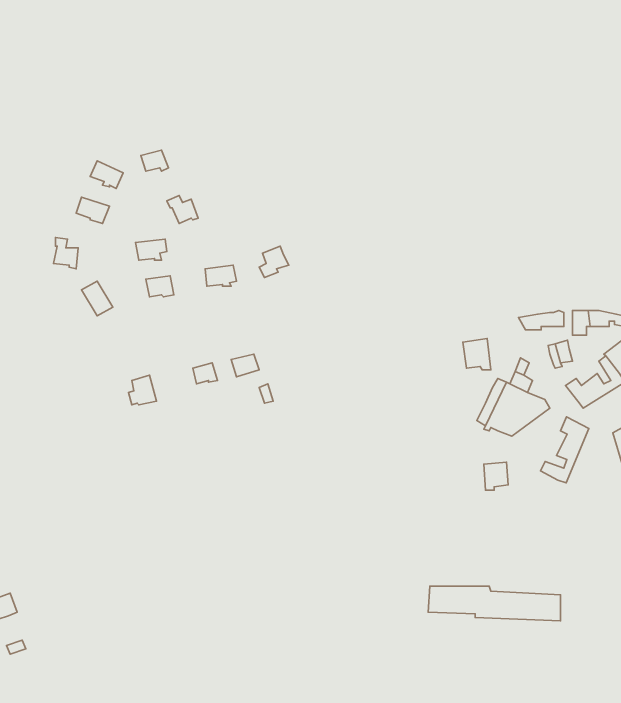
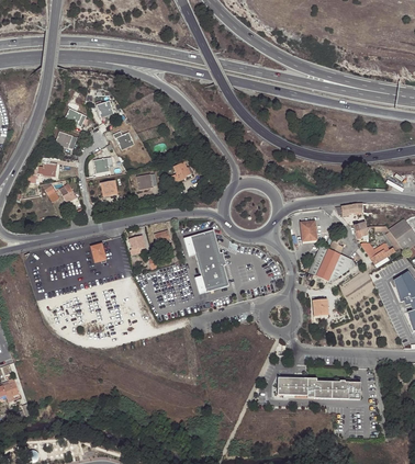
building: none -> [182,231,229,295]
building: [541,417,589,483] -> none

